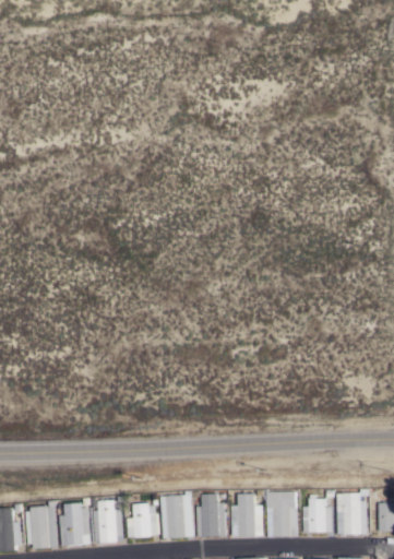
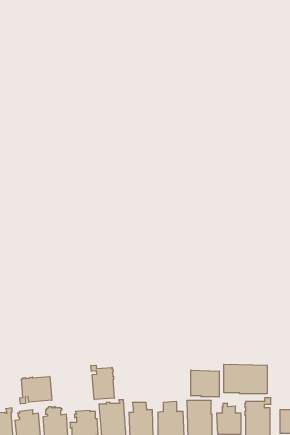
building: none -> [224,364,267,394]
building: none -> [91,365,114,400]
building: none -> [191,370,219,397]
building: none -> [20,376,52,404]

